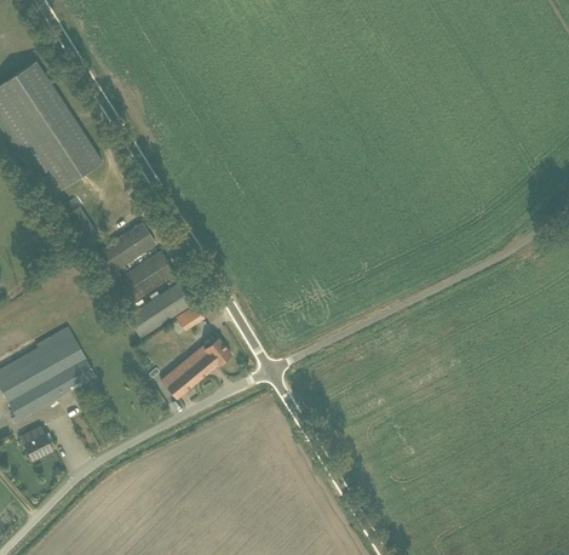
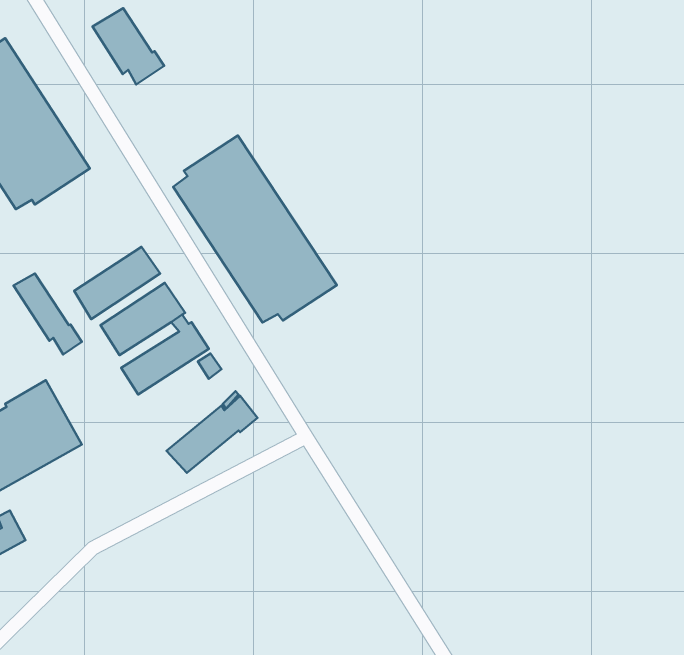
building: none -> [92,8,164,85]
building: none -> [173,136,337,322]
building: none -> [14,274,82,355]

